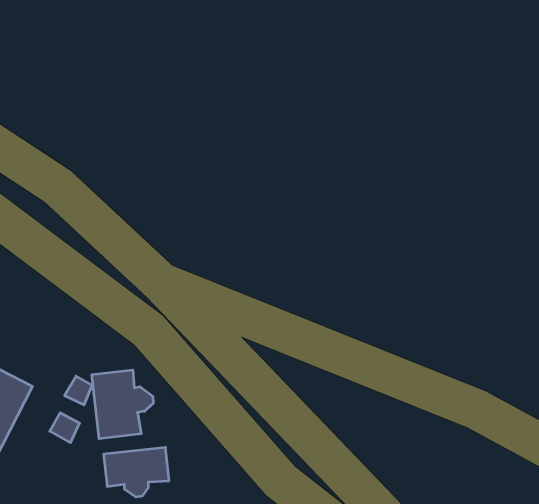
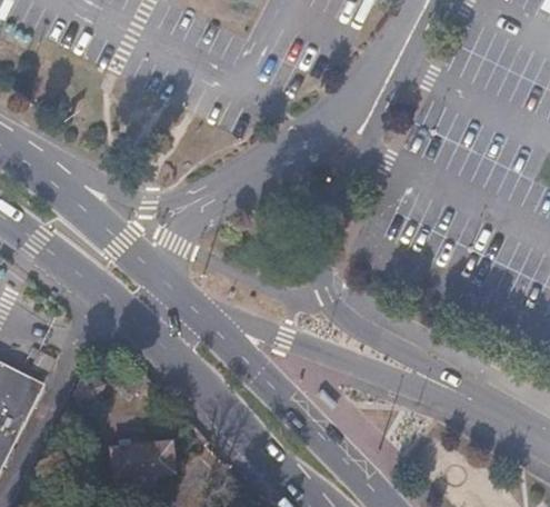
building: [92,370,153,439] -> none

